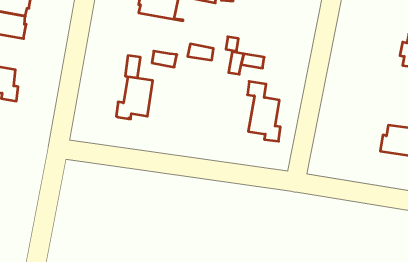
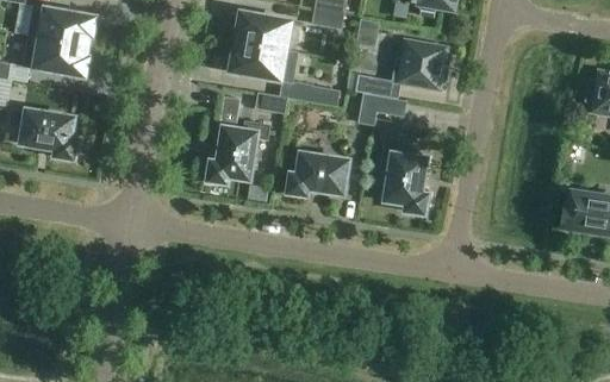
building: none -> [393,39,449,89]
building: none -> [230,42,297,82]
building: none -> [287,152,348,195]

